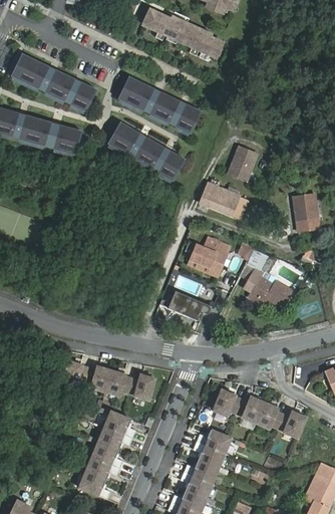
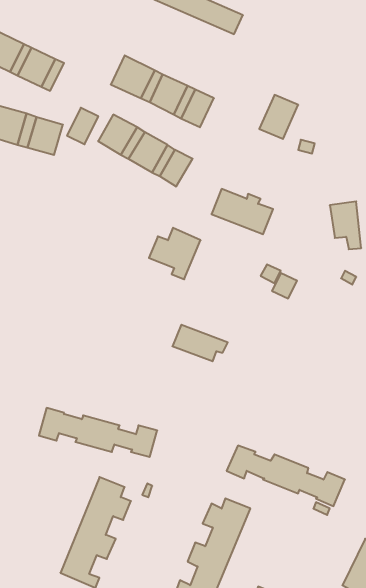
building: [70,82,95,111] -> [67,108,98,144]
building: [227,147,258,182] -> [259,95,298,139]
building: [189,236,230,277] -> [149,228,201,279]
building: [250,276,292,307] -> none

